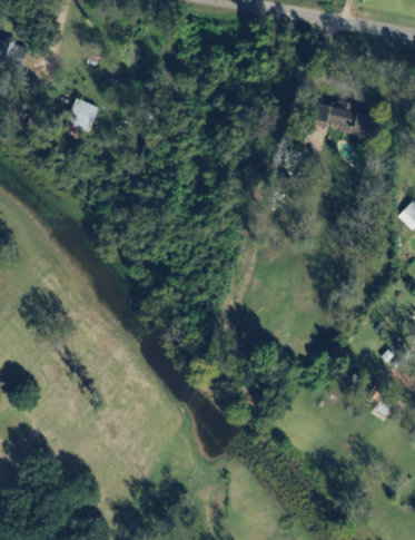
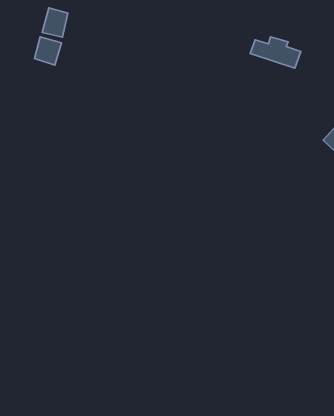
building: none -> [42,8,68,37]

